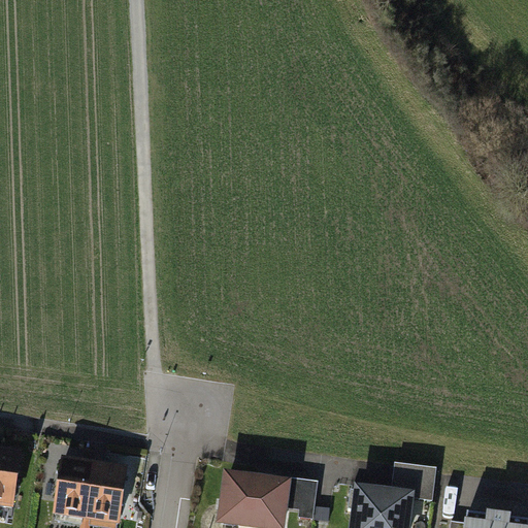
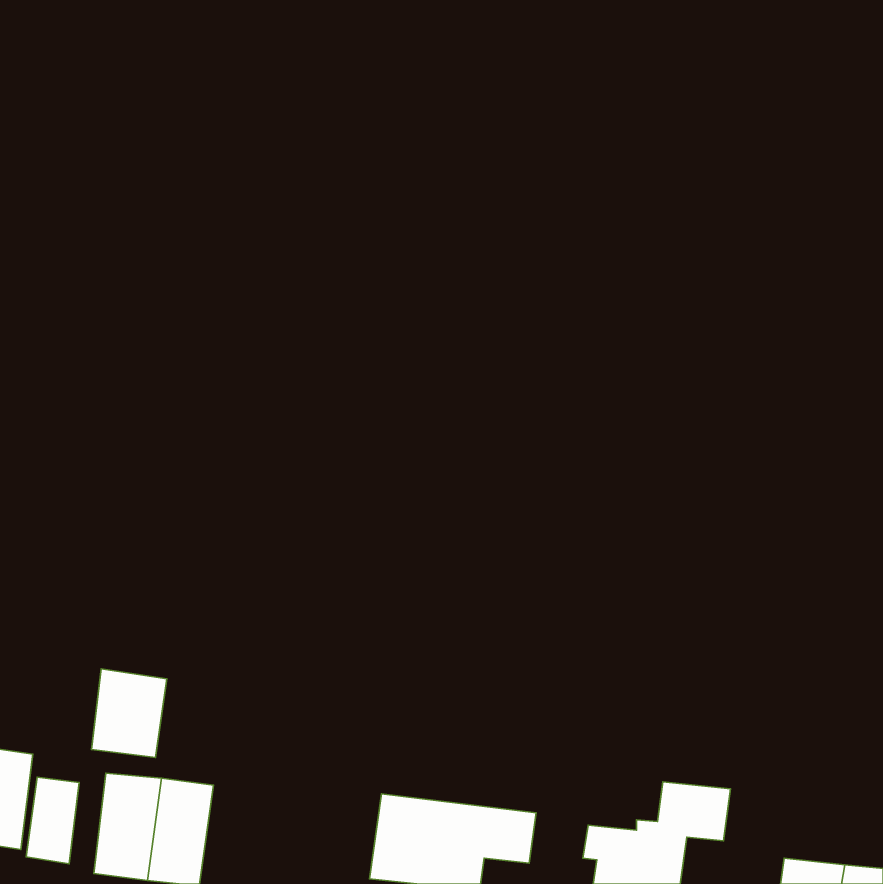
building: none -> [92,669,167,758]
building: none -> [26,777,79,864]

